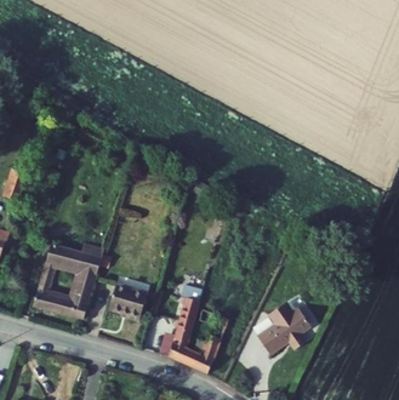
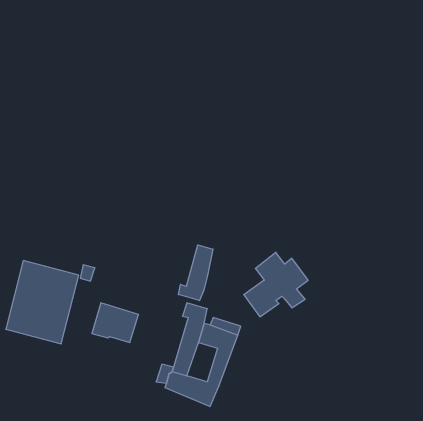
building: none -> [178,245,213,301]
building: [253,303,307,356] -> [244,252,308,317]

